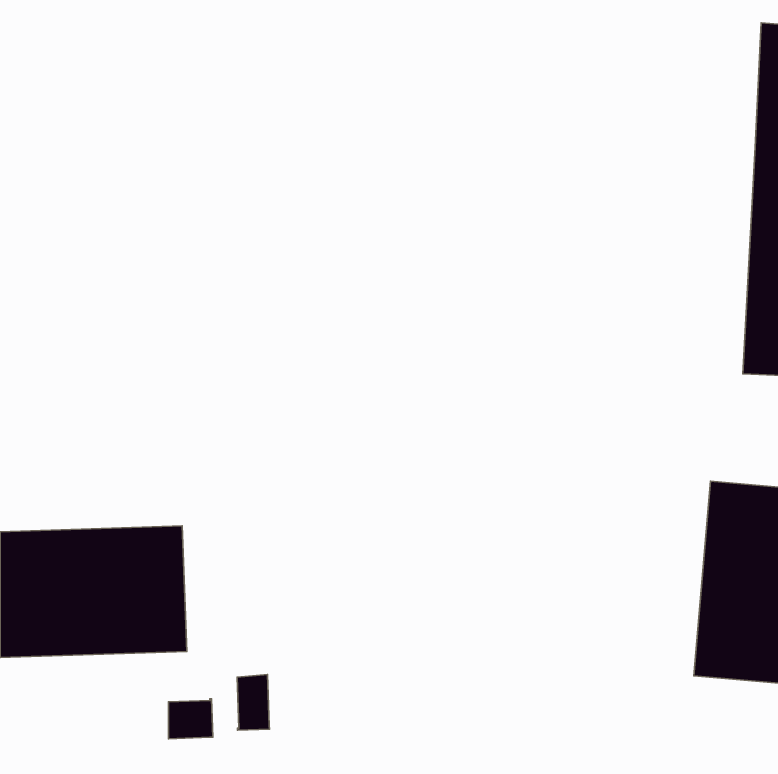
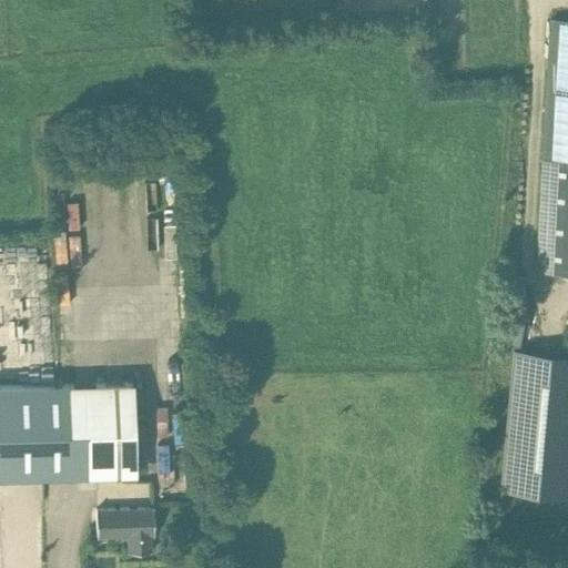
building: [237,675,269,730] -> none
building: none -> [99,515,125,542]

